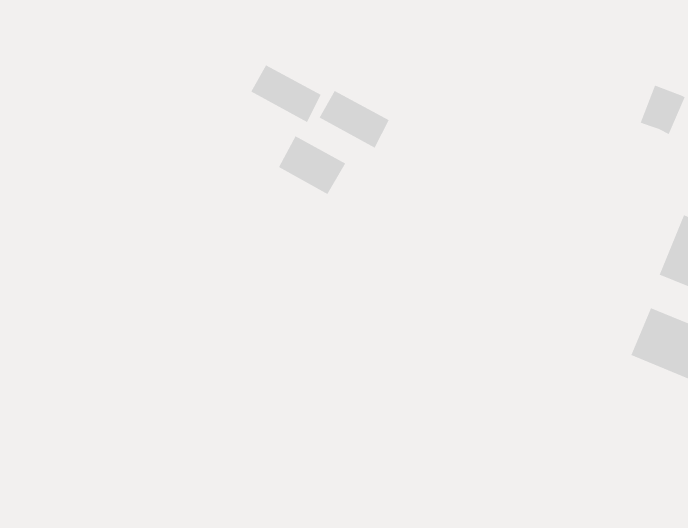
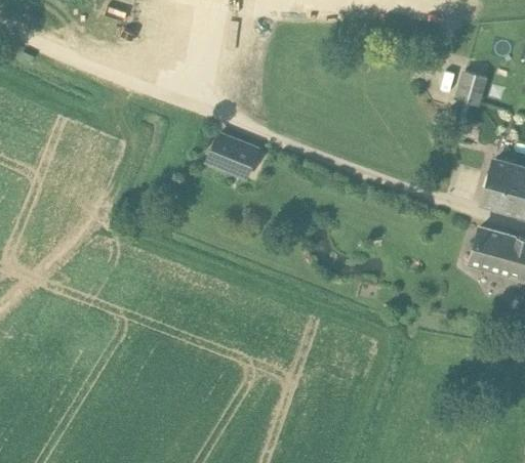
building: [251,65,321,123] -> none
building: [319,90,389,148] -> none

